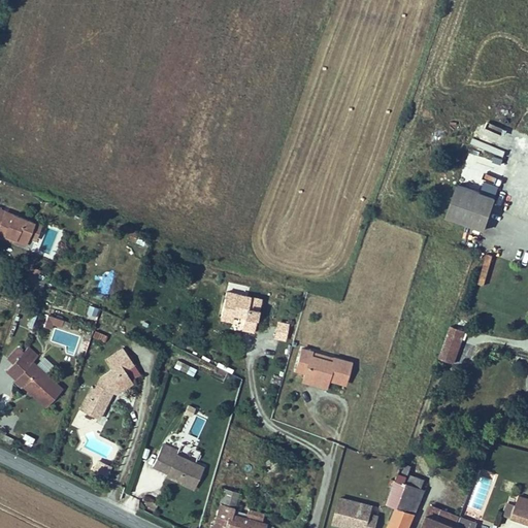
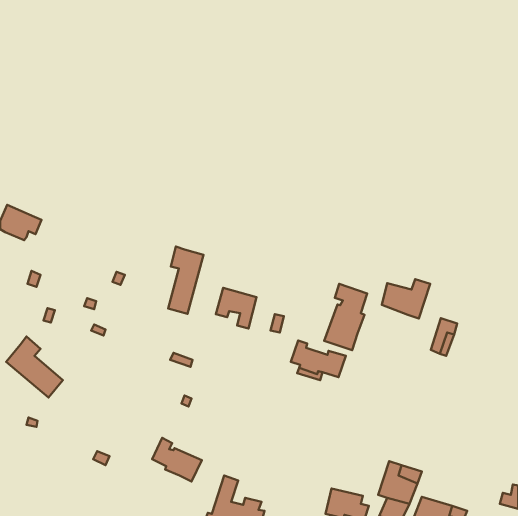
building: [448,187,496,232] -> none
building: none -> [168,247,203,314]
building: none -> [382,279,430,318]
building: none -> [324,284,367,350]
building: [79,348,133,418] -> none

